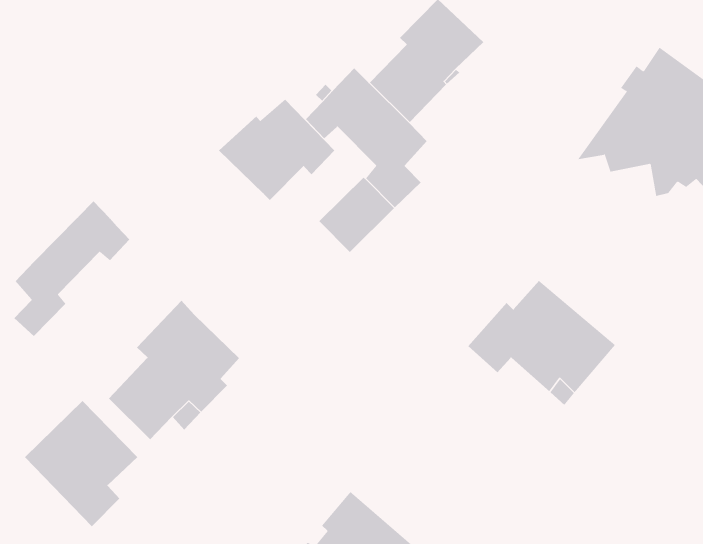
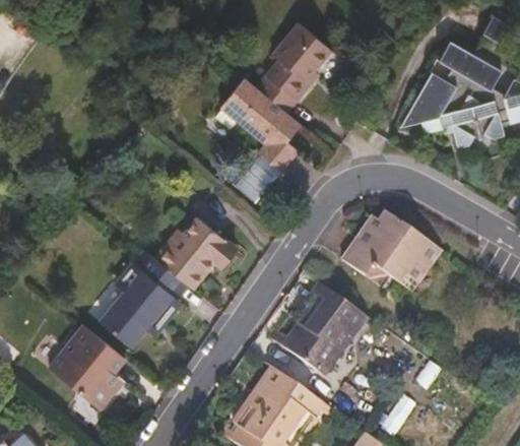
building: [218,99,335,201] -> [154,217,234,288]
building: [14,200,130,337] -> none
building: none -> [282,283,363,369]

